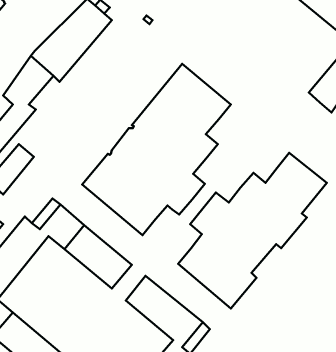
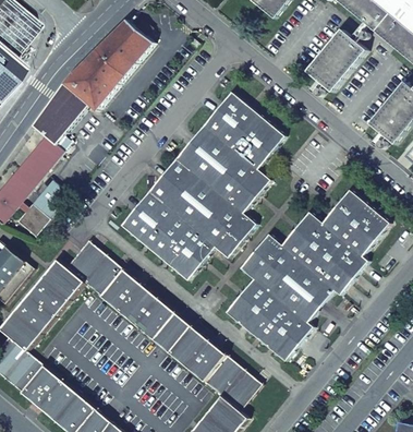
building: none -> [307,29,367,93]
building: none -> [154,313,191,352]

